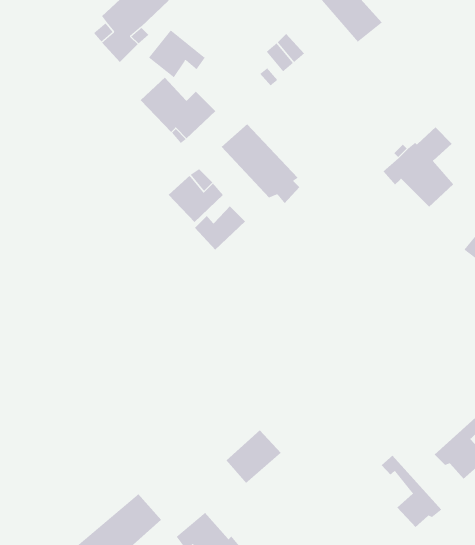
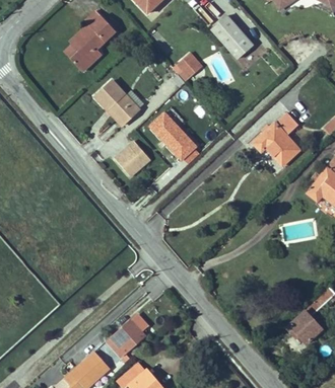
building: [148,30,206,78] -> none
building: [194,205,246,250] -> none
building: [226,429,282,484] -> [108,320,144,356]
building: [381,455,442,528] -> none

